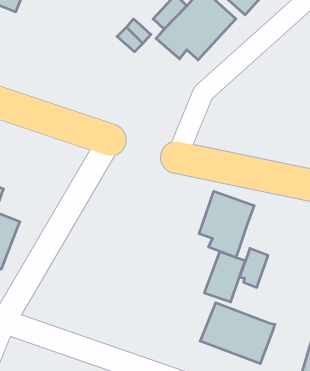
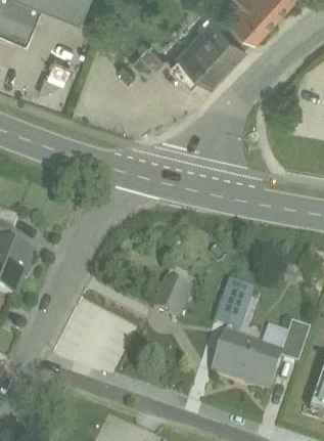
building: [199,191,254,258] -> none
building: [239,248,268,287] -> [281,320,310,359]
building: none -> [153,275,192,316]

